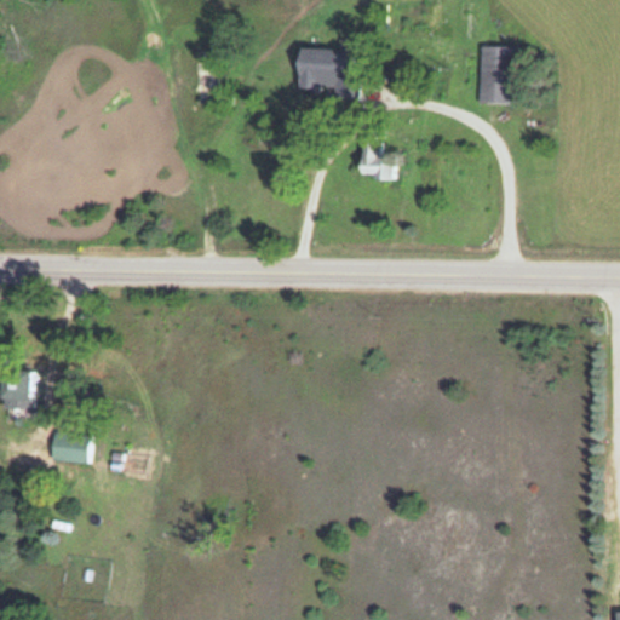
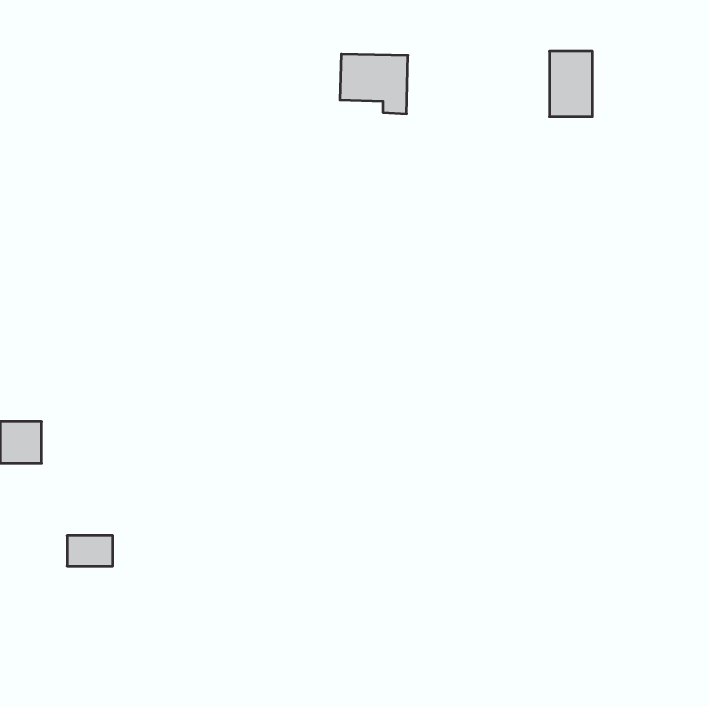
building: [360,143,396,180] -> none
building: [52,432,92,459] -> [67,536,113,566]

